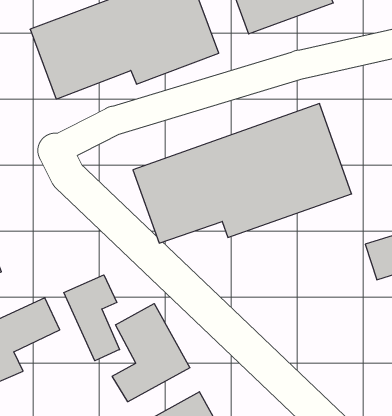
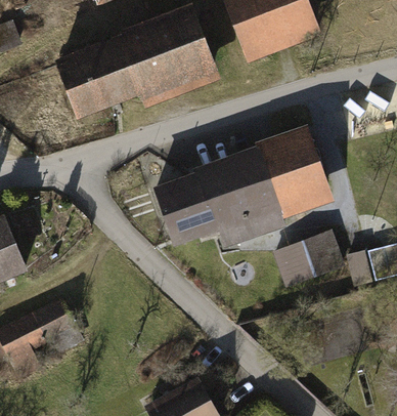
building: none -> [272,232,345,288]
building: [64,275,120,361] -> none
building: [112,304,190,402] -> none

